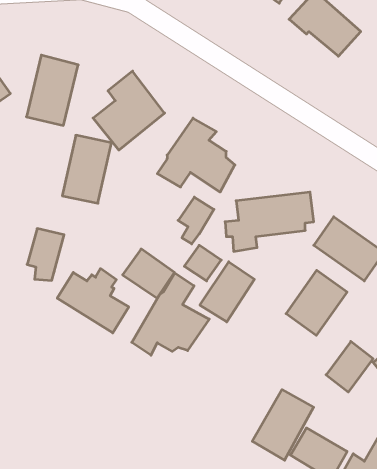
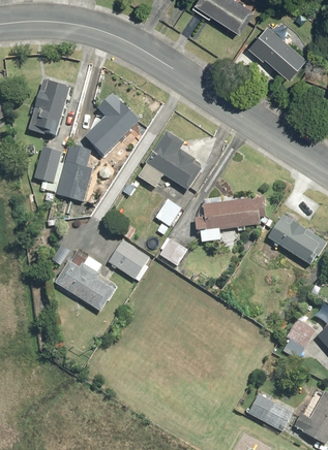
building: [27,229,64,280] -> [33,148,64,191]
building: [200,262,254,322] -> none
building: [286,270,347,335] -> none
building: [132,273,209,355] -> none
building: [252,390,314,460] -> none

